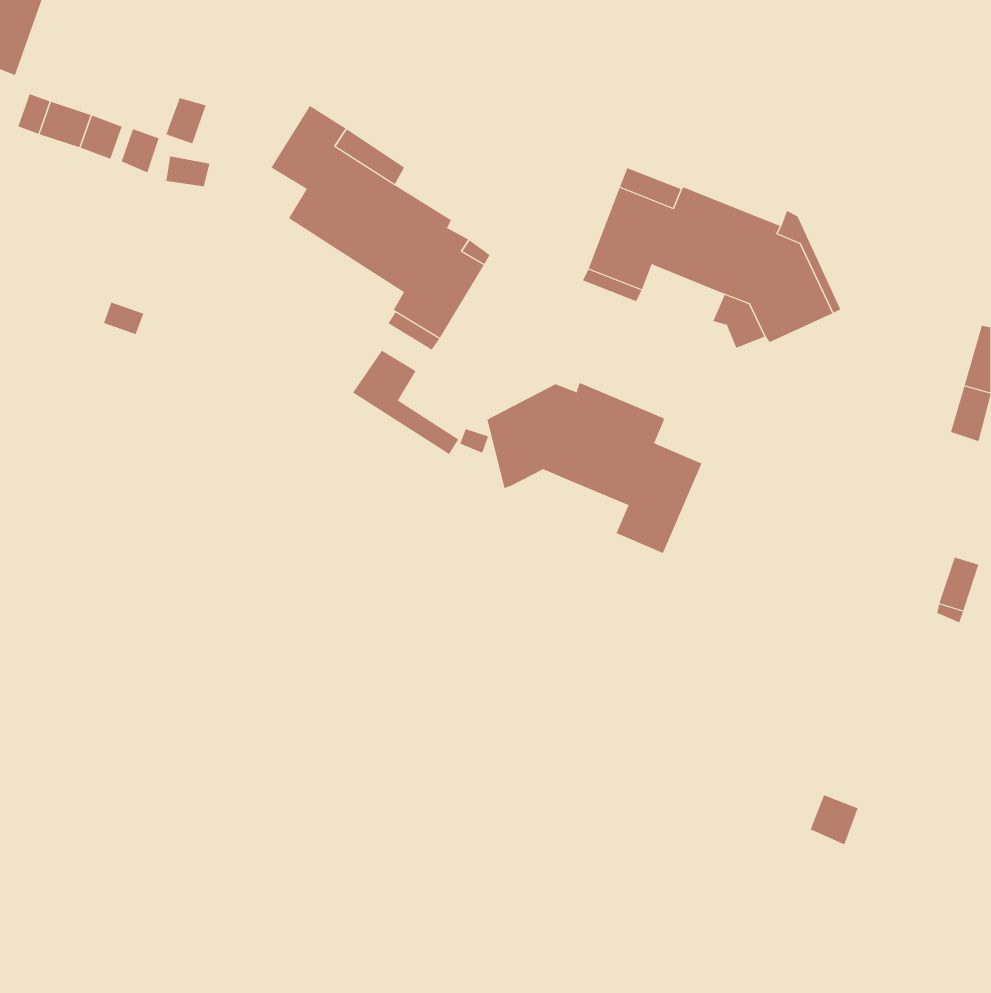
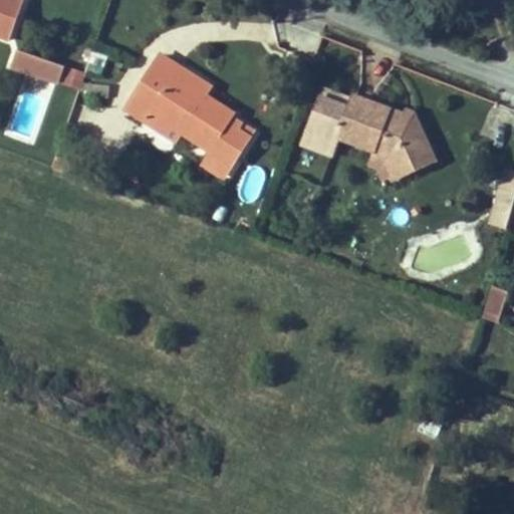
building: [352,350,459,455] -> [124,86,180,141]
building: [487,382,702,554] -> none

